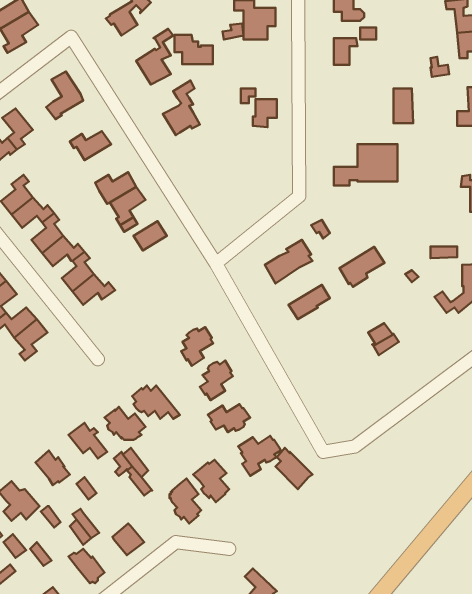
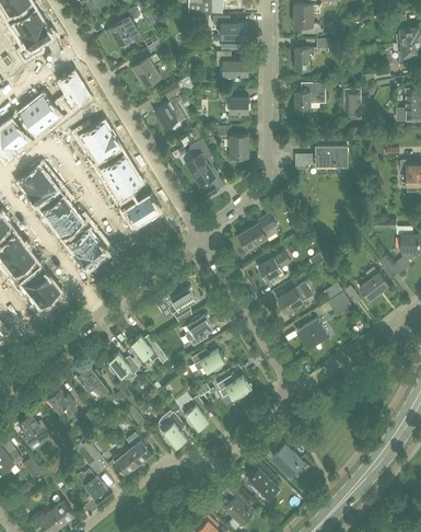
building: [174,35,213,64] -> [217,53,248,77]
building: none -> [295,83,326,112]
building: none -> [33,97,66,128]
building: none -> [219,127,248,158]
building: none -> [87,136,118,167]
building: none -> [186,140,215,186]
building: [340,247,385,287] -> [277,282,314,315]
building: none -> [360,267,388,301]
building: none -> [296,316,328,347]
building: [275,448,313,489] -> [272,441,303,475]
building: none -> [126,432,152,464]
building: none -> [248,459,279,498]

